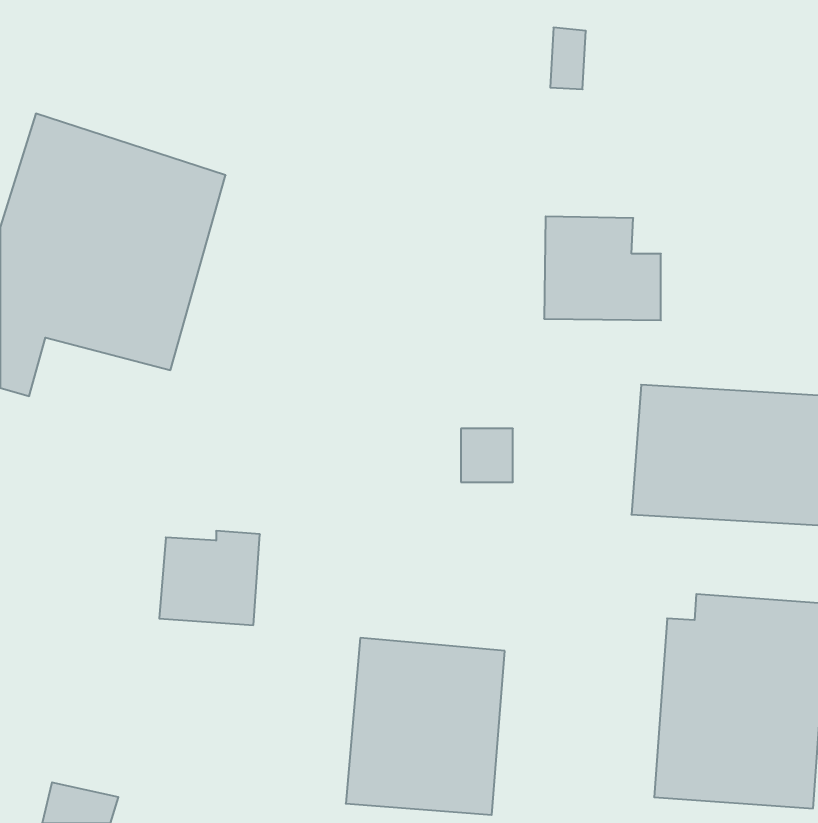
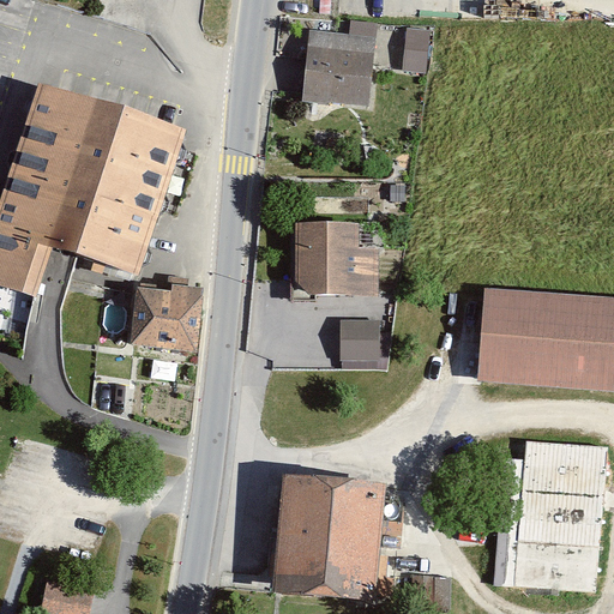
building: none -> [305,35,380,113]
building: [544,216,661,320] -> [297,216,384,293]
building: [159,531,260,625] -> [127,282,201,351]

